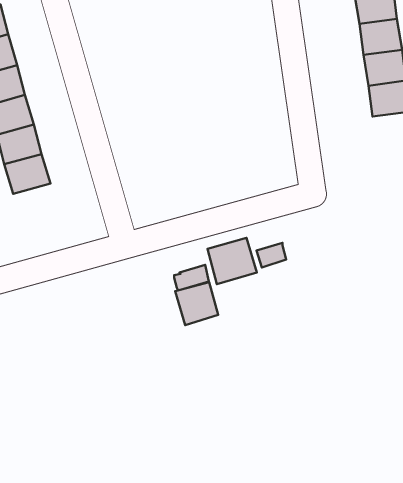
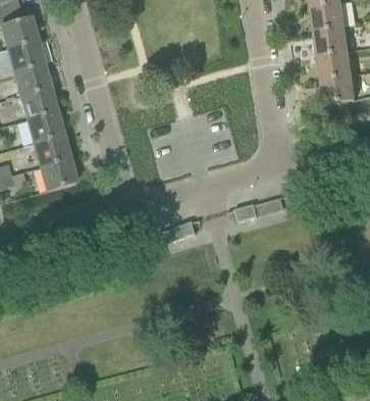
building: none -> [41,156,76,189]
building: [208,238,257,284] -> none
building: [175,282,218,325] -> none

